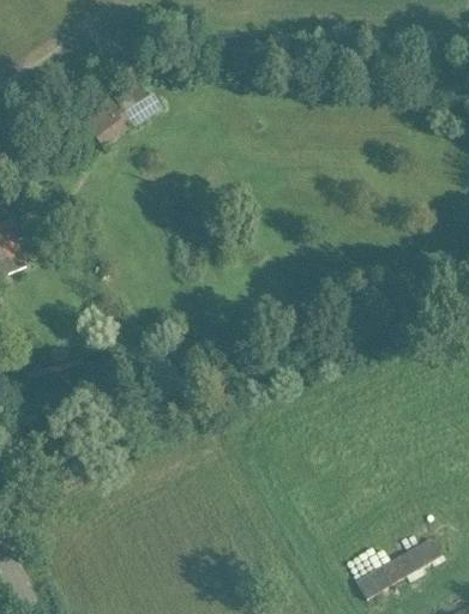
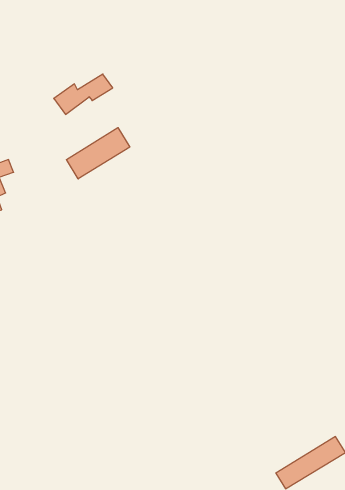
building: none -> [66,128,130,179]

